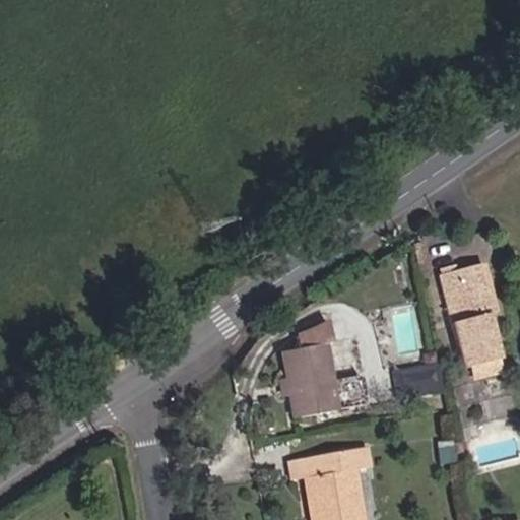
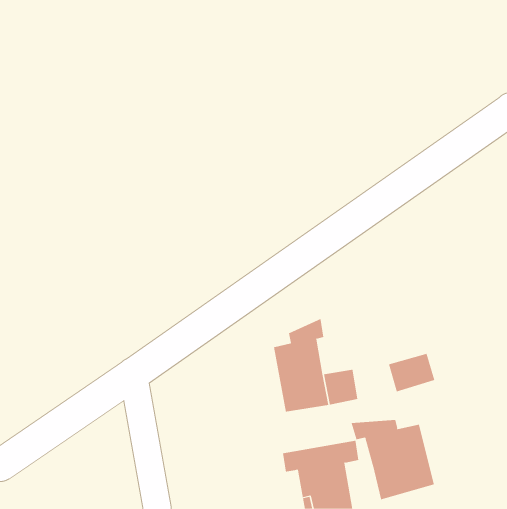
building: [441,263,503,368] -> none
building: none -> [351,419,434,500]

